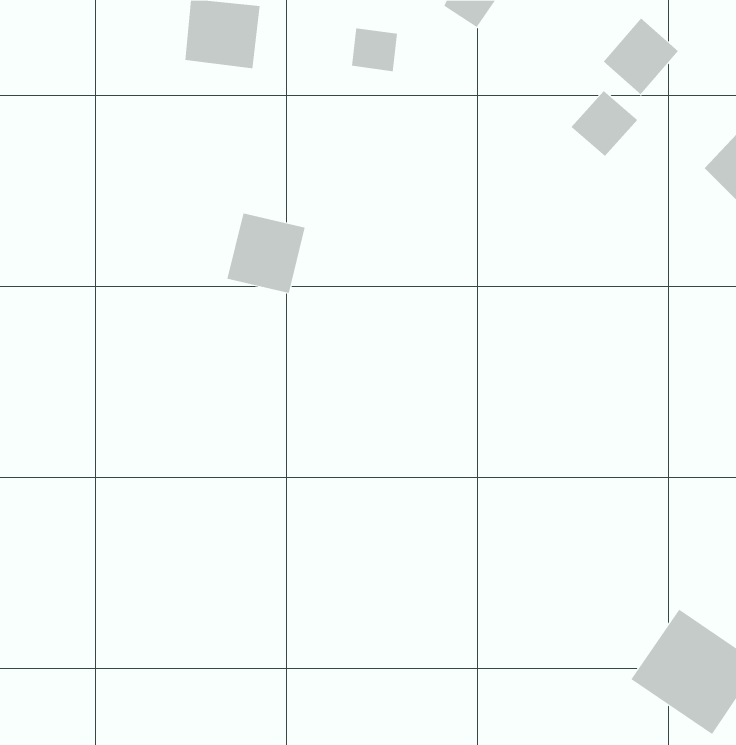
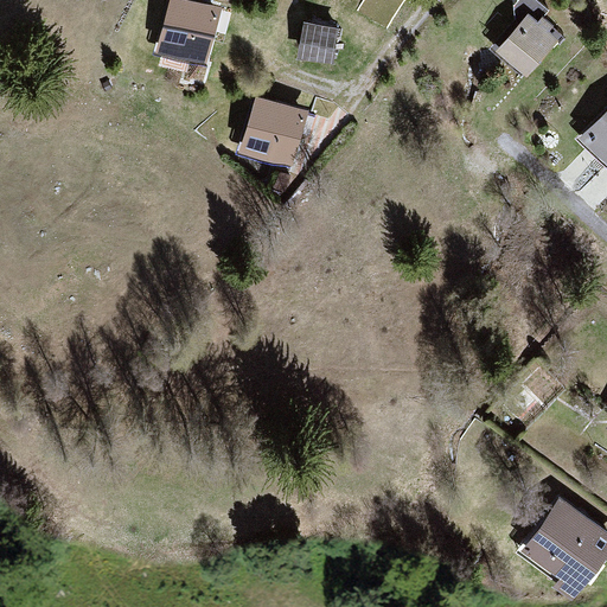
building: [571,90,638,157] -> none
building: [227,213,306,293] -> [242,97,306,162]

